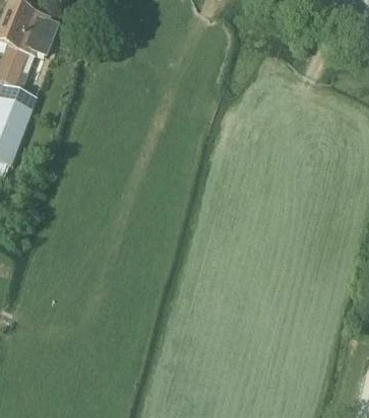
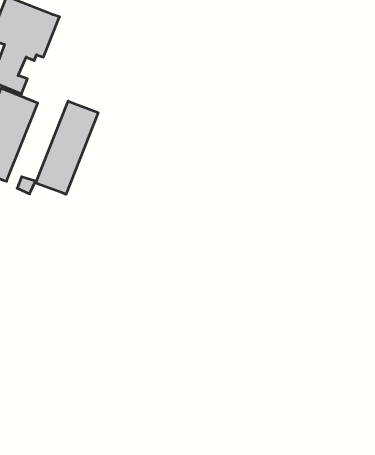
building: none -> [36,101,98,194]

